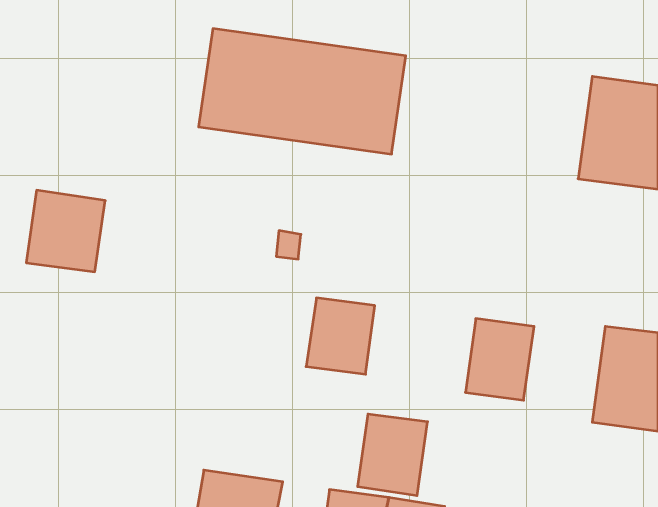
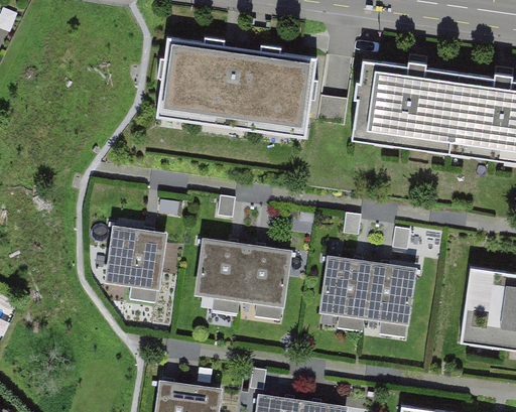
building: none -> [347,60,464,154]
building: [26,190,105,272] -> [107,226,168,289]
building: none -> [196,241,249,300]
building: [358,414,428,496] -> [318,257,373,320]

